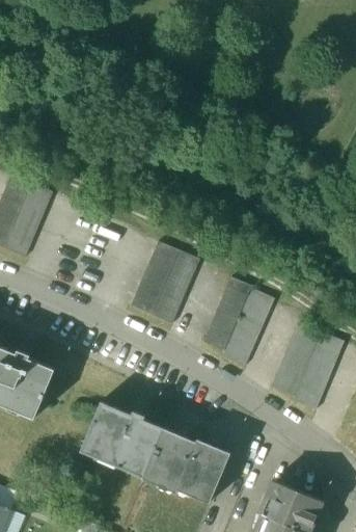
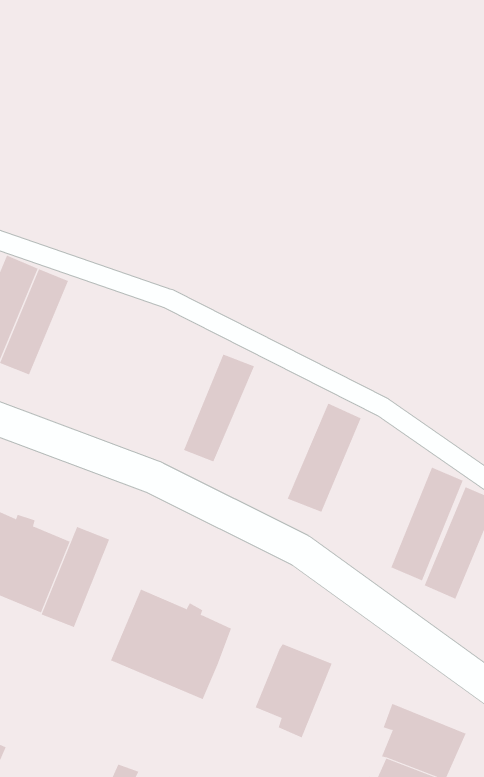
building: [150,250,199,325] -> none
building: [222,290,273,366] -> none
building: none -> [41,526,110,628]
building: [142,429,195,487] -> none

